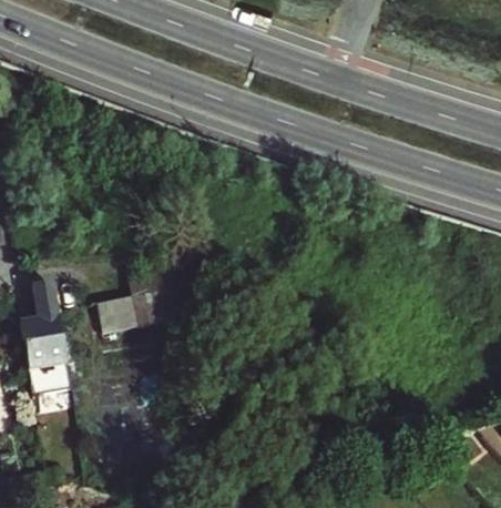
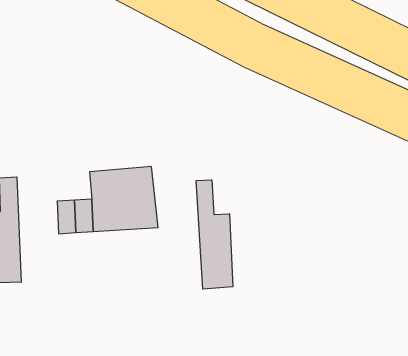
building: none -> [196,180,233,289]

